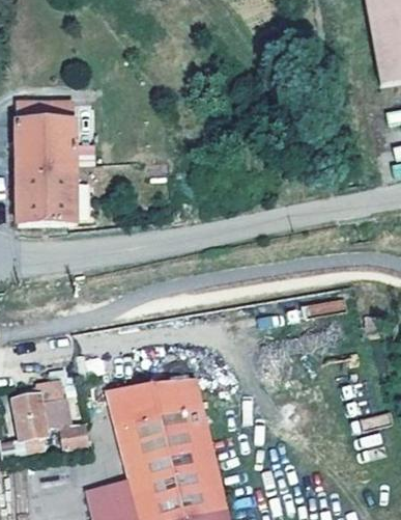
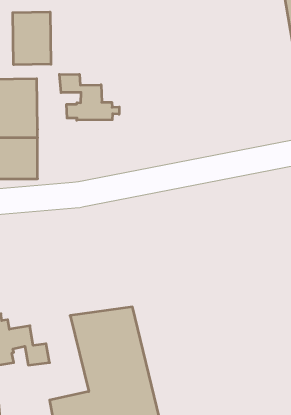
building: none -> [13,12,51,65]
building: none -> [59,74,119,120]

